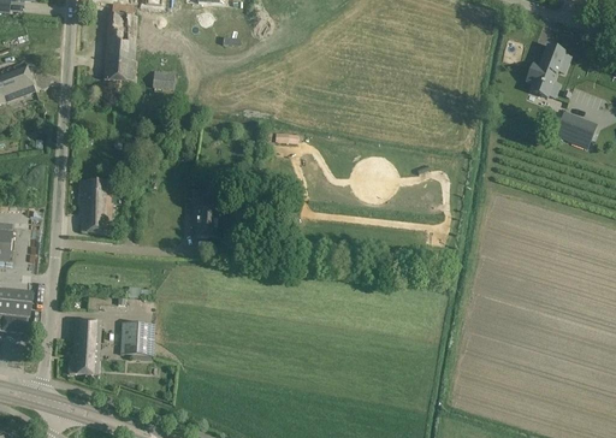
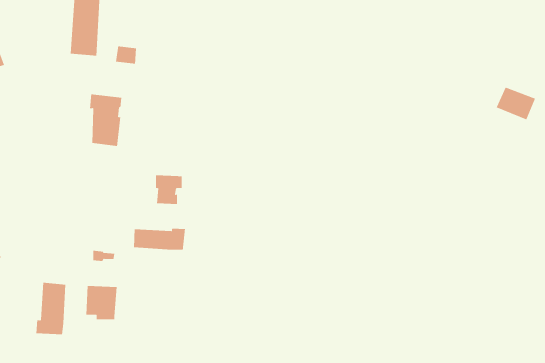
building: [526,45,569,97] -> none
building: [78,179,113,235] -> [89,94,122,146]
building: none -> [134,228,185,251]

